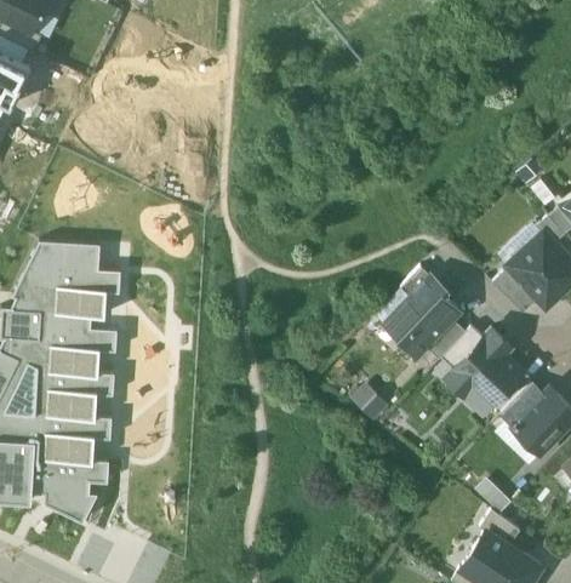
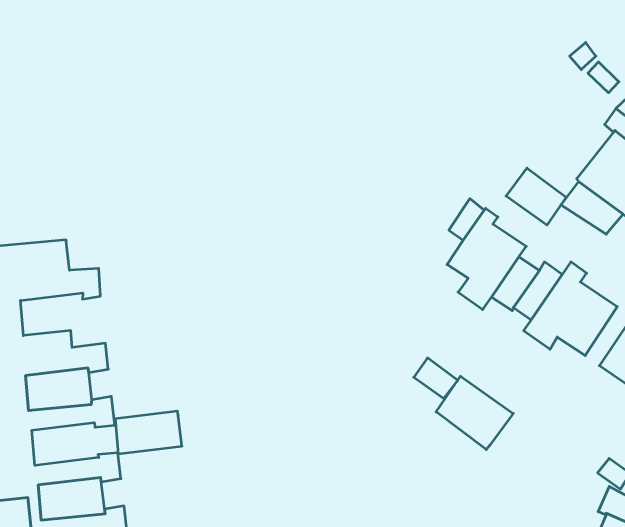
building: none -> [506,168,566,225]
building: [53,286,105,318] -> none
building: [45,389,97,419] -> [115,411,182,454]
building: none -> [436,376,513,450]

